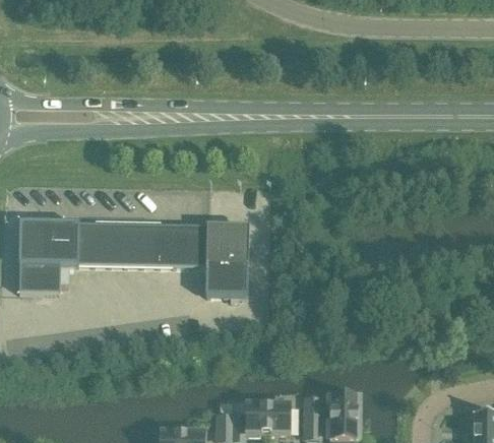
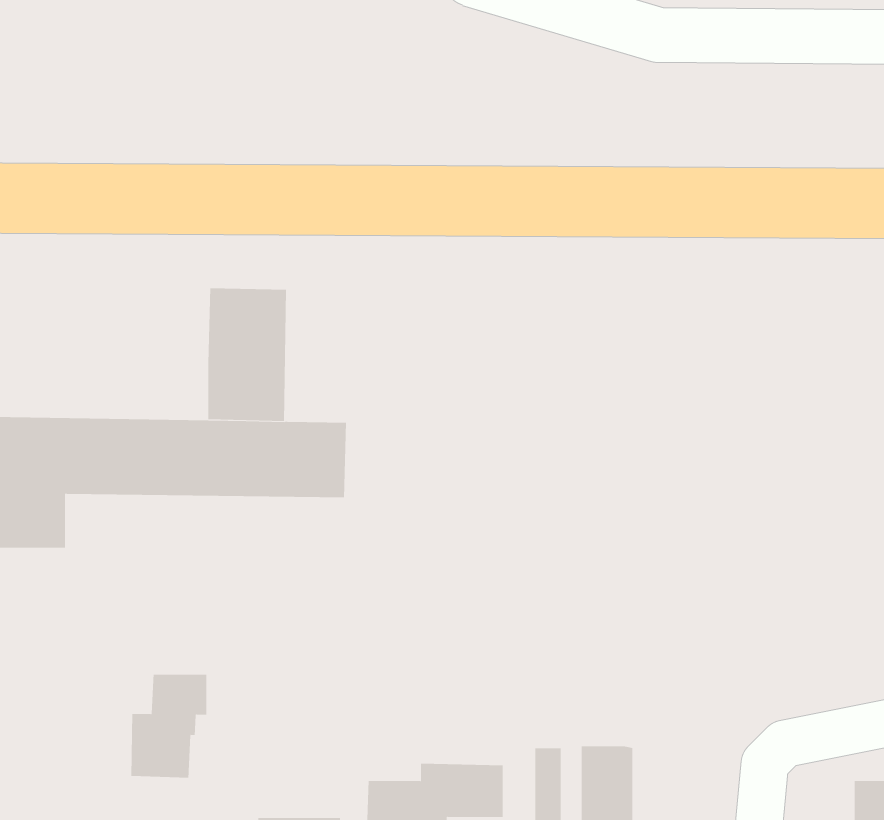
building: [206,224,248,294] -> [207,288,287,421]
building: none -> [131,674,207,778]

